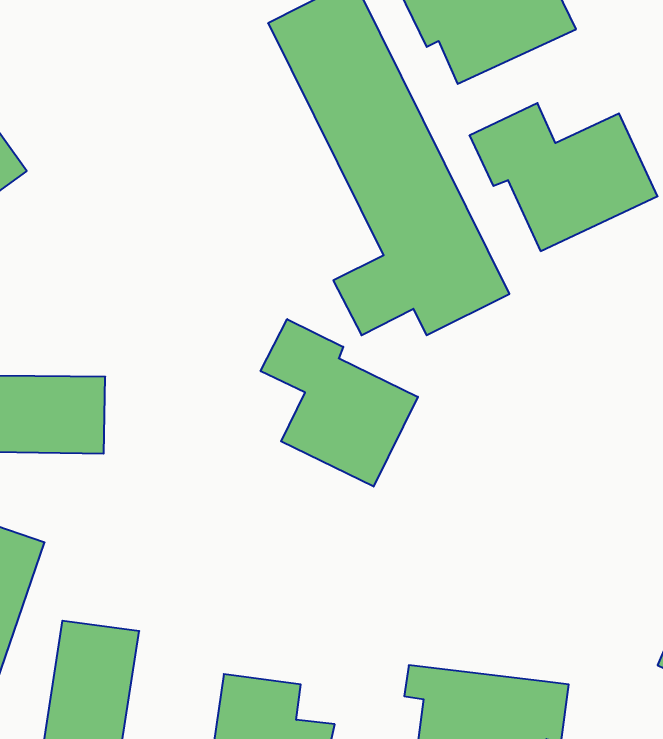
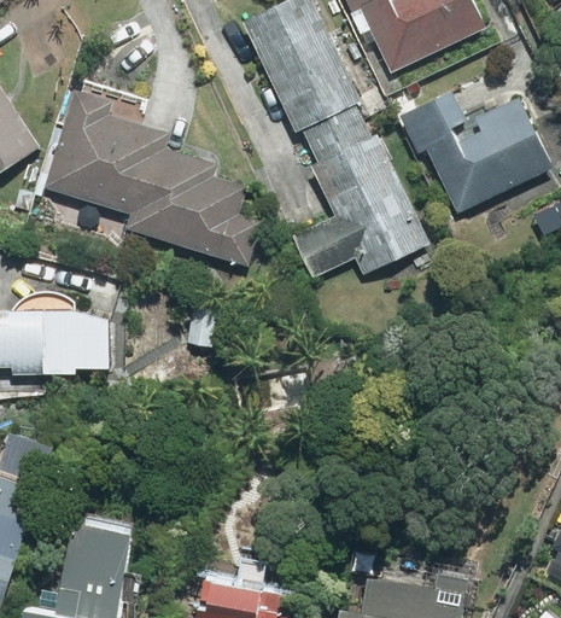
building: none -> [46,92,263,266]
building: [261,319,418,487] -> none

